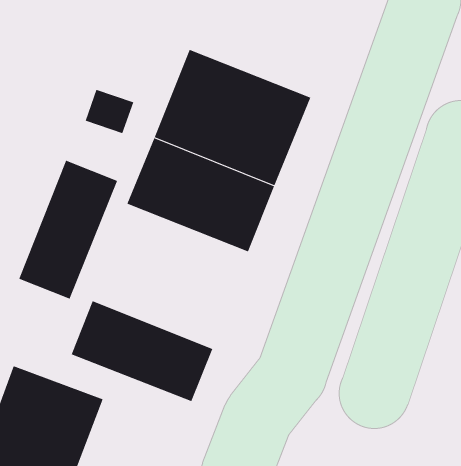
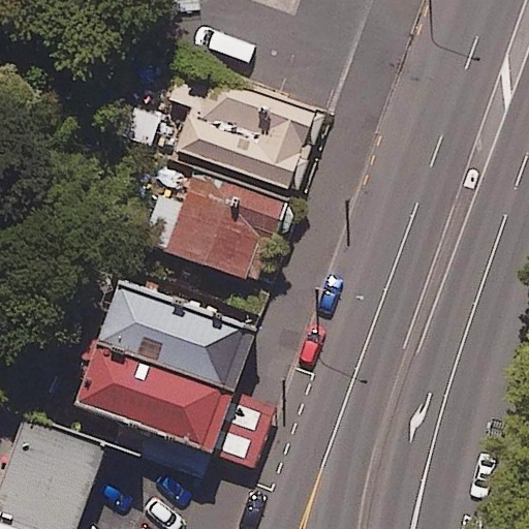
building: [19,160,118,299] -> none
building: none -> [101,282,261,398]

